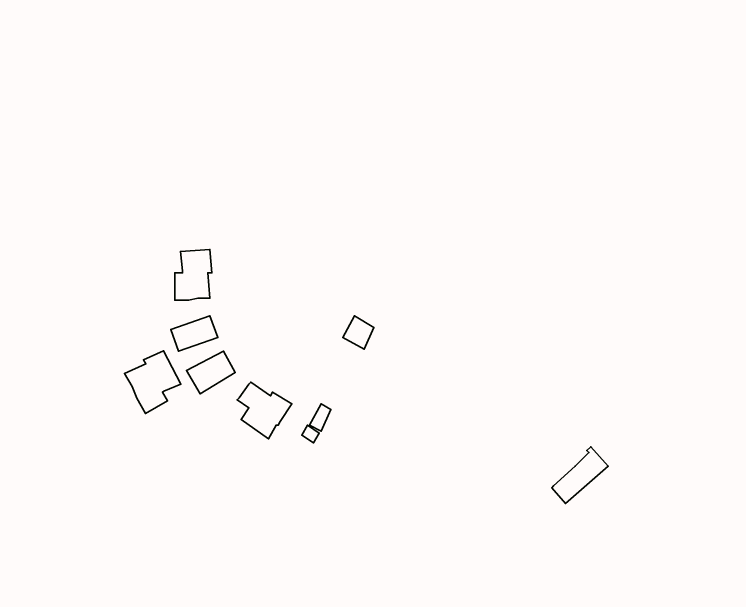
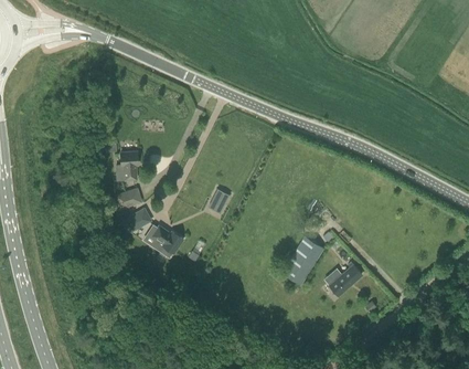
building: [125,351,181,413] -> none
building: none -> [280,235,324,285]

